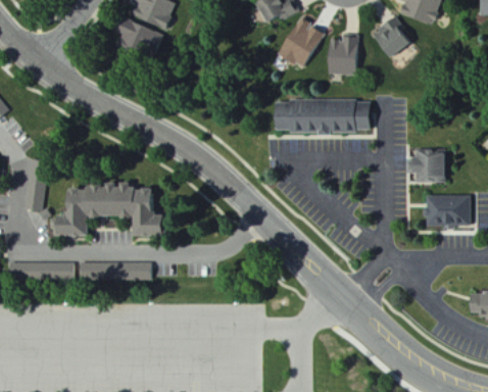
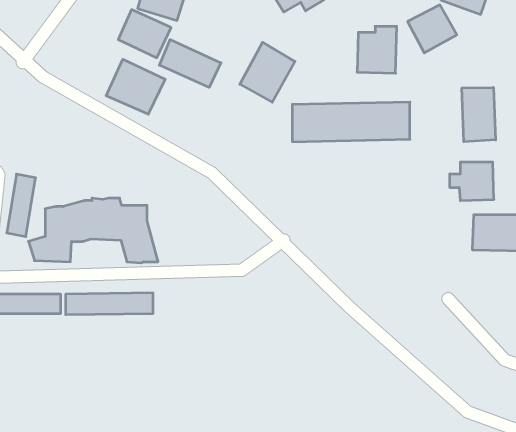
building: [278,16,325,67] -> [240,42,295,102]
building: none -> [159,40,221,87]
building: none -> [106,59,165,114]
building: none -> [462,87,496,142]

